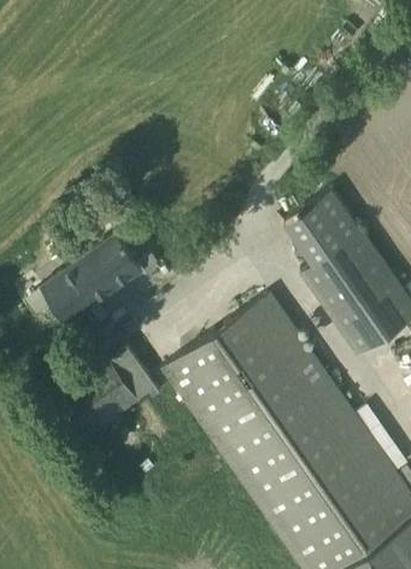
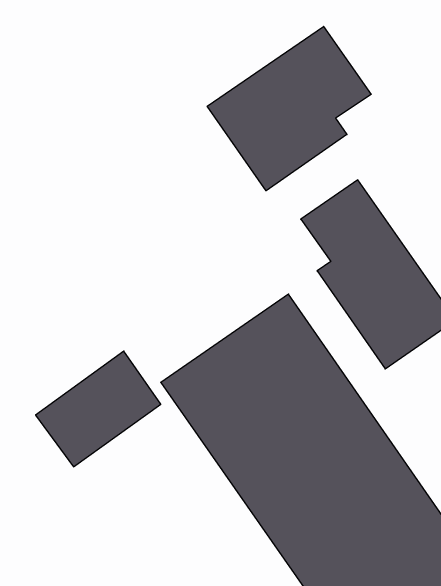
building: none -> [207,26,371,191]
building: [41,233,148,329] -> none

